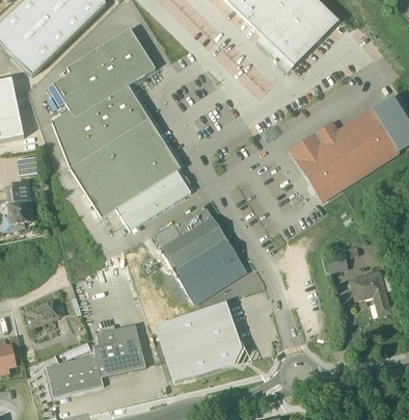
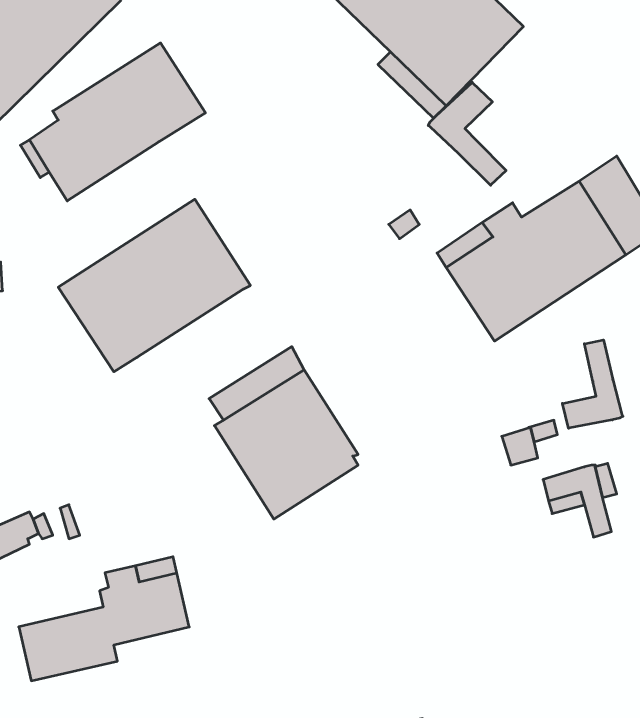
building: none -> [428,82,506,185]
building: [52,85,148,169] -> none
building: [115,170,191,232] -> none
building: none -> [562,340,623,428]
building: [155,301,242,383] -> none

